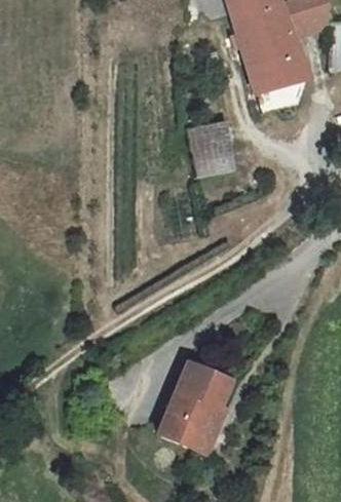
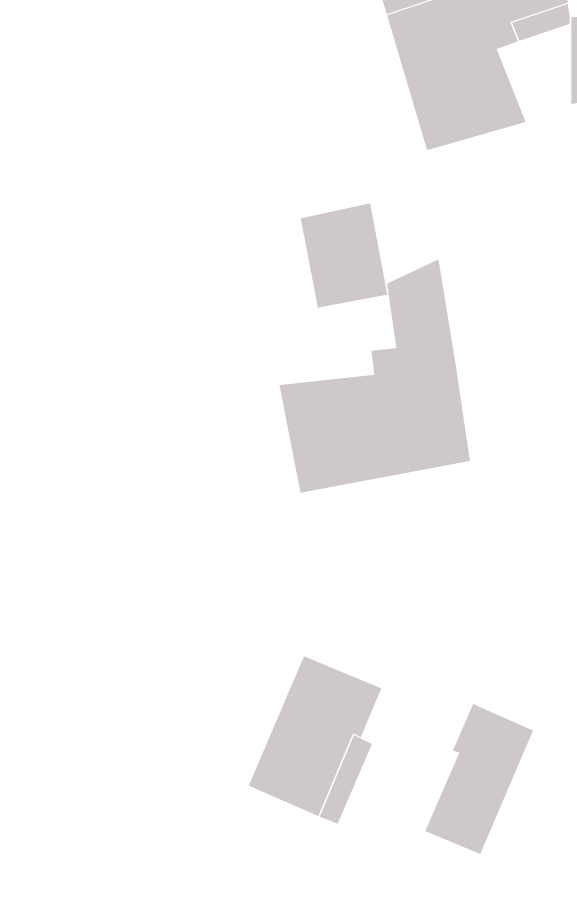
building: none -> [279,258,471,494]
building: none -> [425,703,534,855]

